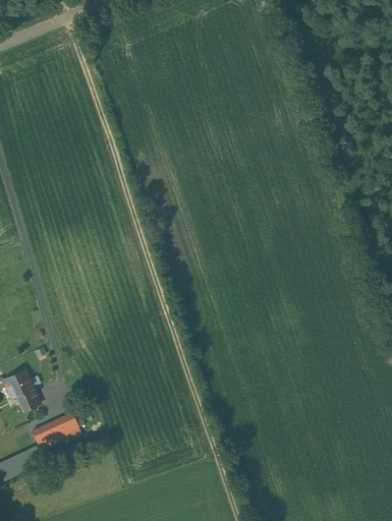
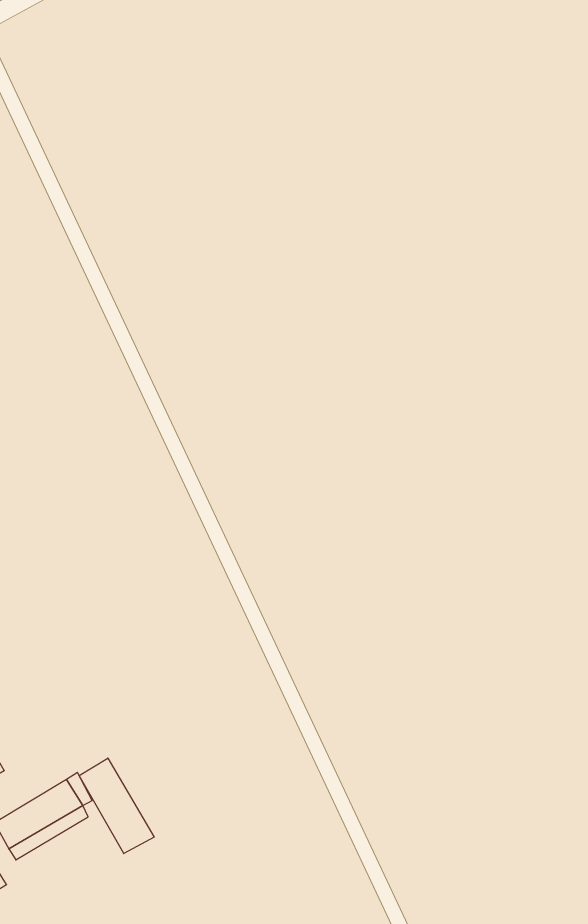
building: none -> [79,758,154,854]

